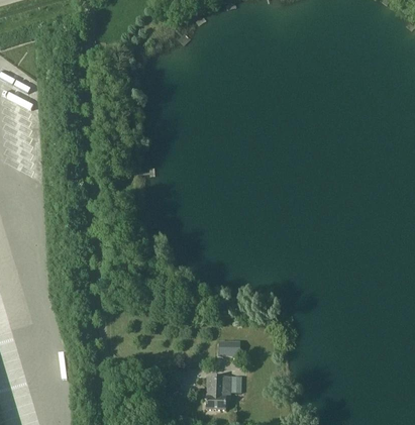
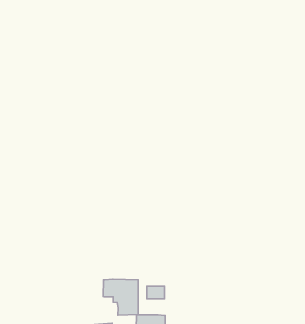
building: none -> [103,279,138,315]

